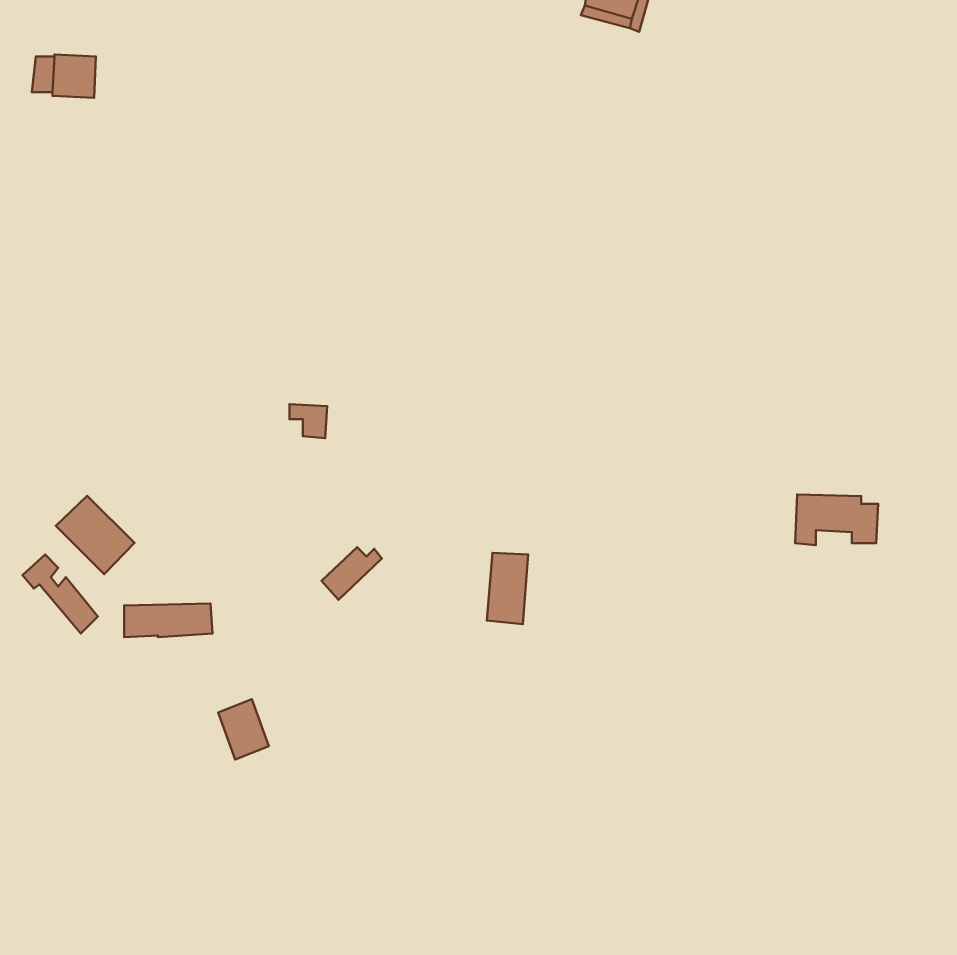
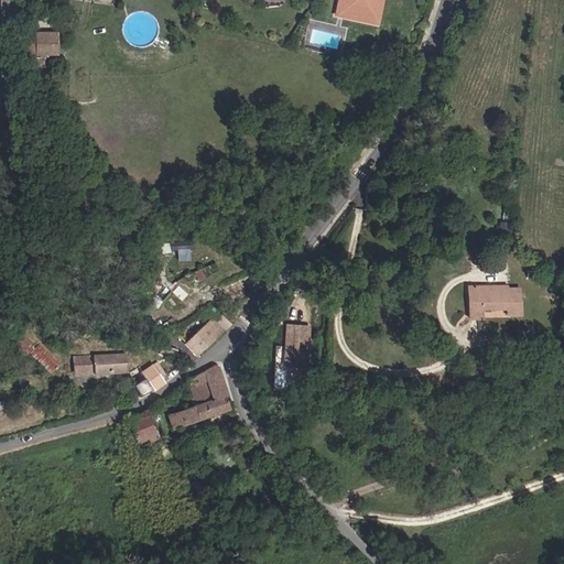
building: [56,496,135,574] -> none
building: none -> [133,361,166,389]
building: none -> [170,366,228,429]

